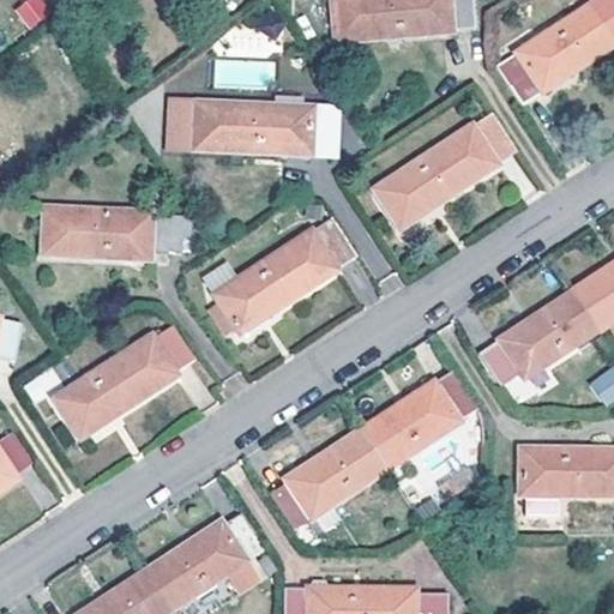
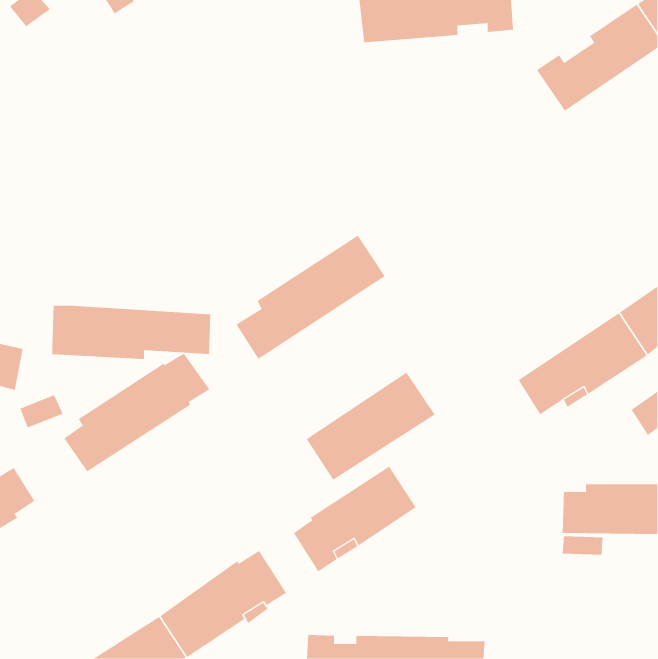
building: [169,101,336,157] -> none
building: [379,112,517,228] -> none
building: [43,207,191,258] -> [51,305,211,360]
building: [360,368,480,469] -> [306,372,435,481]

